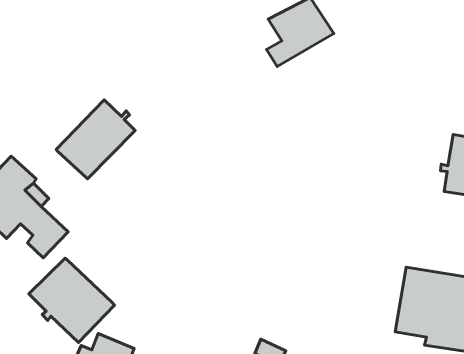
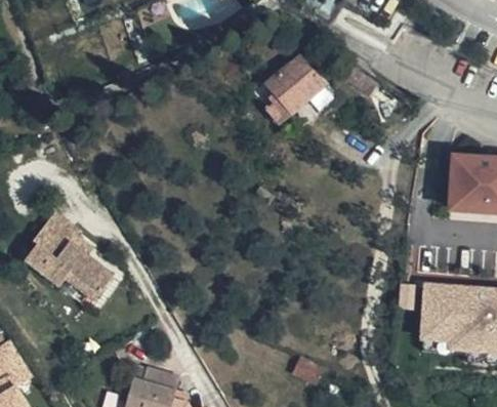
building: [56,100,135,179] -> none
building: [29,258,115,343] -> none

